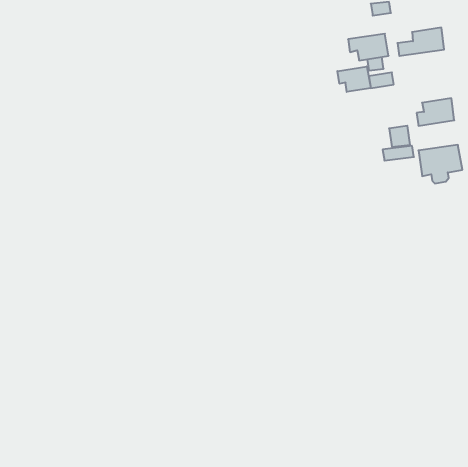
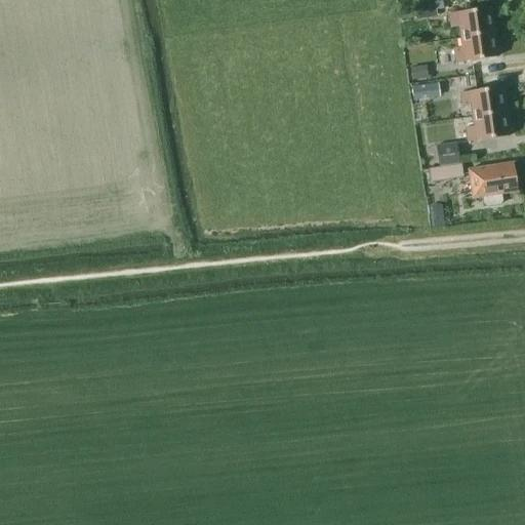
building: [348,34,389,60] -> [449,6,494,36]
building: [337,66,371,92] -> none
building: none -> [461,85,506,115]

